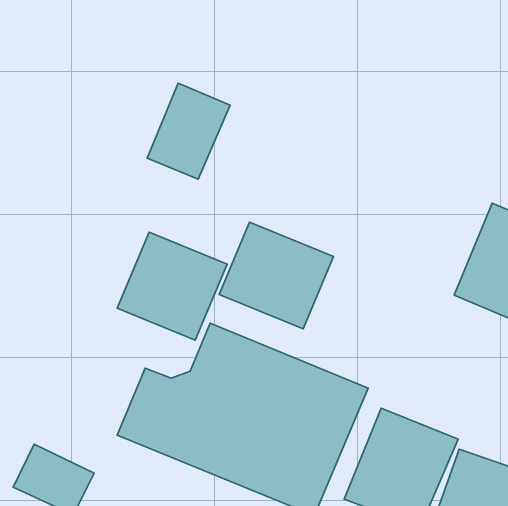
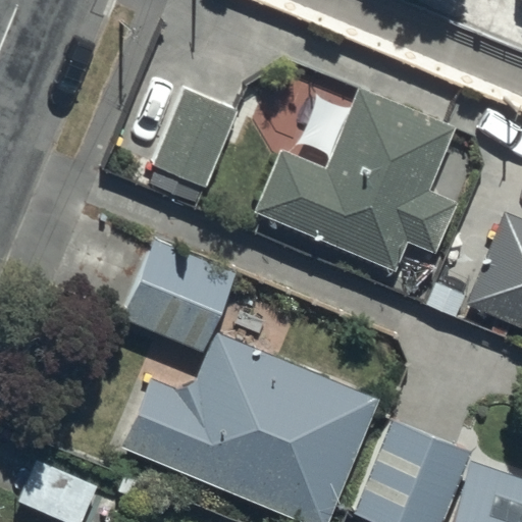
building: none -> [255,88,457,271]
building: [219,222,333,329] -> none

